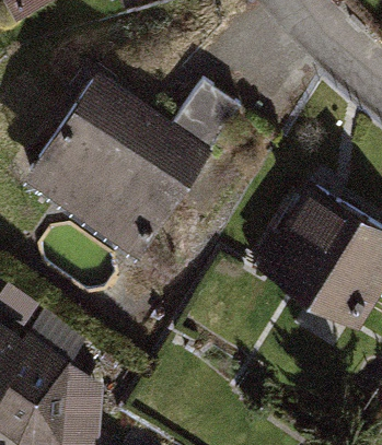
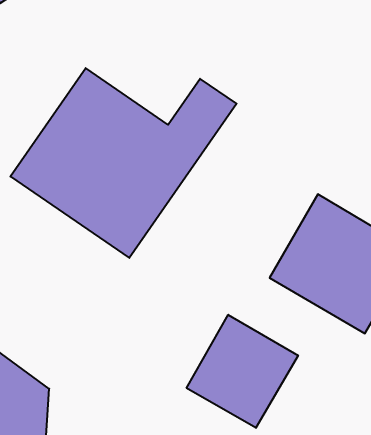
building: none -> [187,315,298,428]

